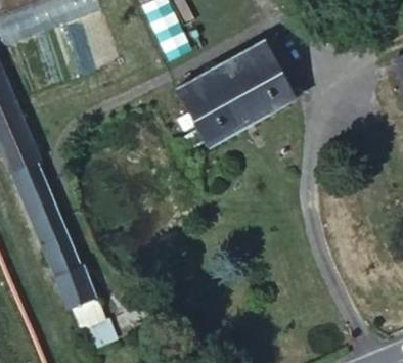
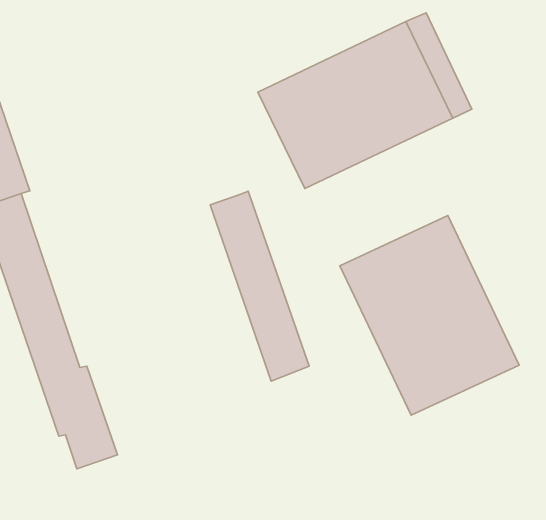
building: none -> [210,191,309,381]
building: none -> [340,215,519,415]

